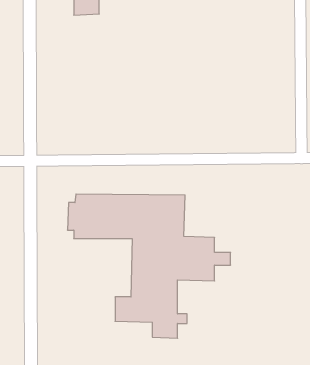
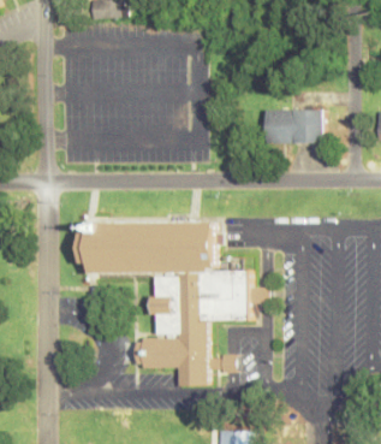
building: none -> [263,109,321,143]

